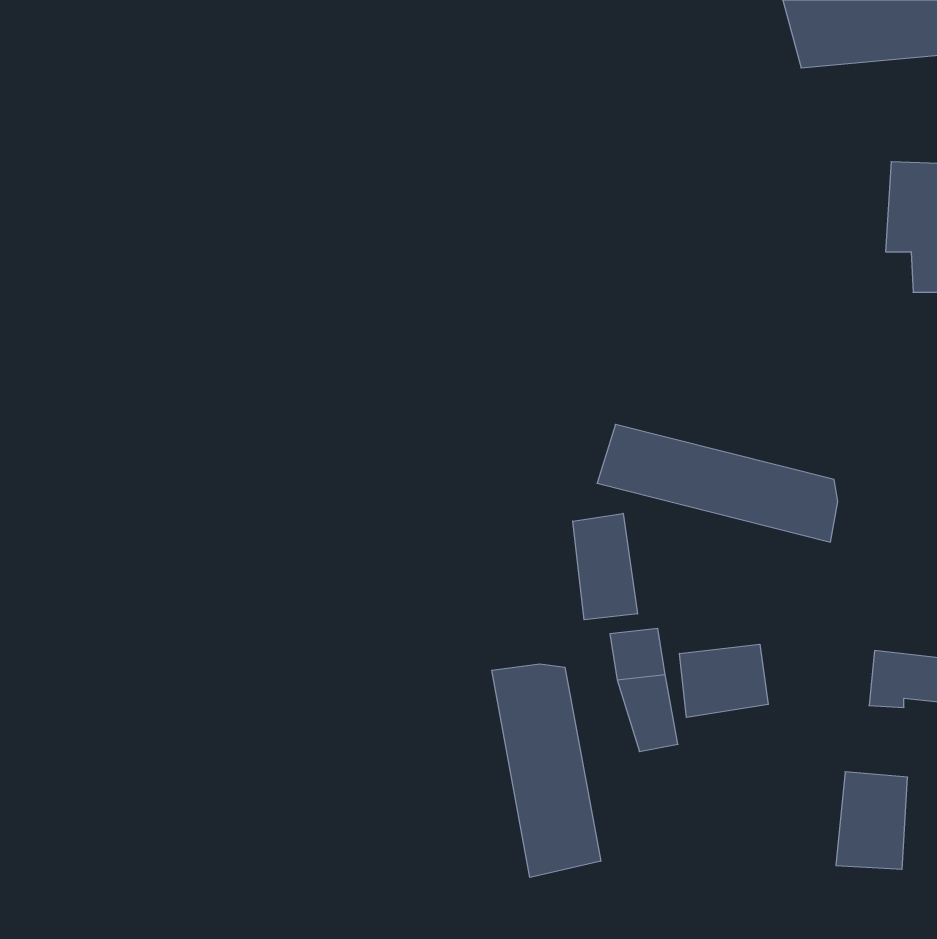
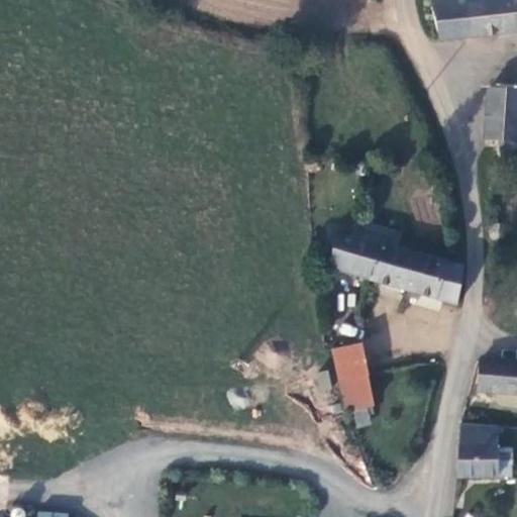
building: [573,513,638,620] -> none
building: [680,644,768,717] -> none
building: [492,664,601,877] -> none

